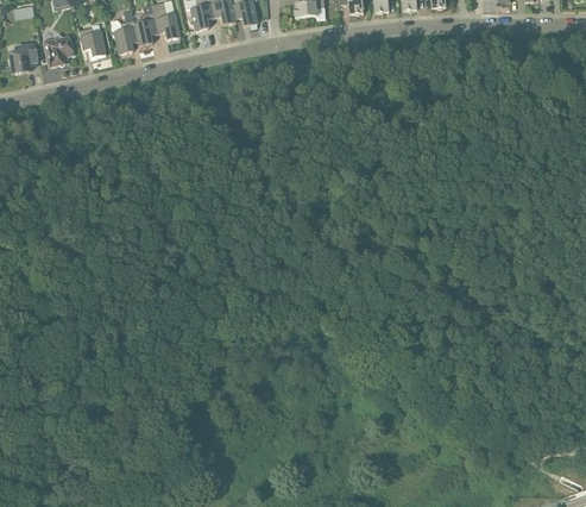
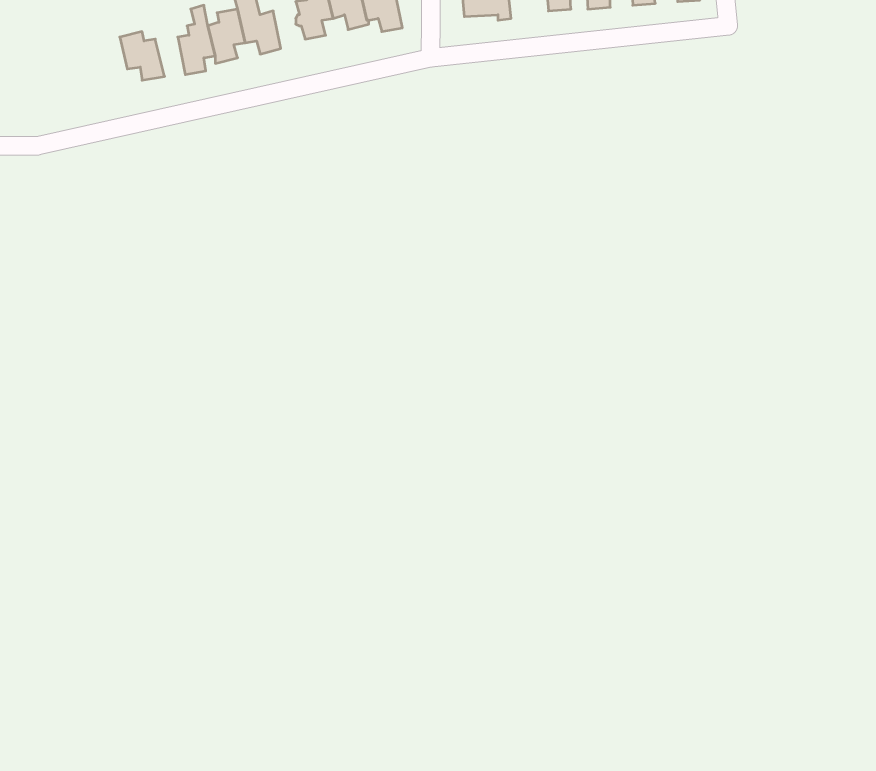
building: [43,33,73,67] -> none
building: [8,42,37,74] -> none

